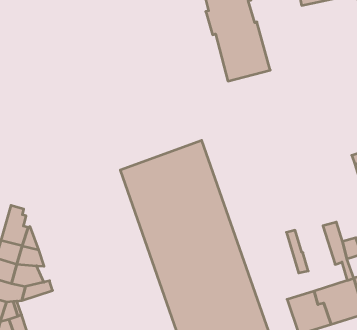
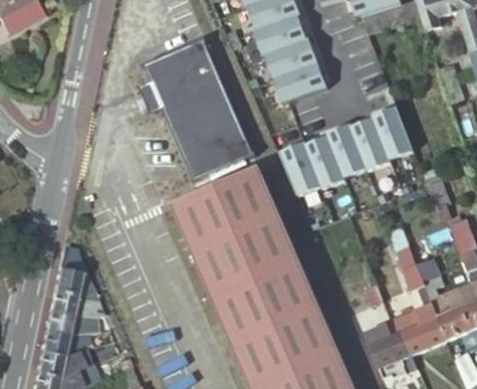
building: none -> [143,39,253,180]
building: none -> [280,107,412,195]

